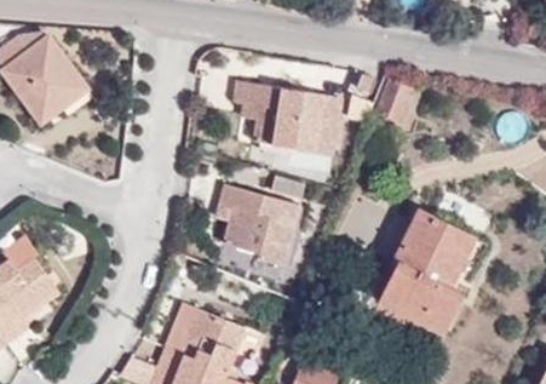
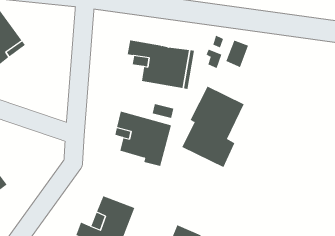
building: [381,210,473,329] -> [181,86,244,168]

